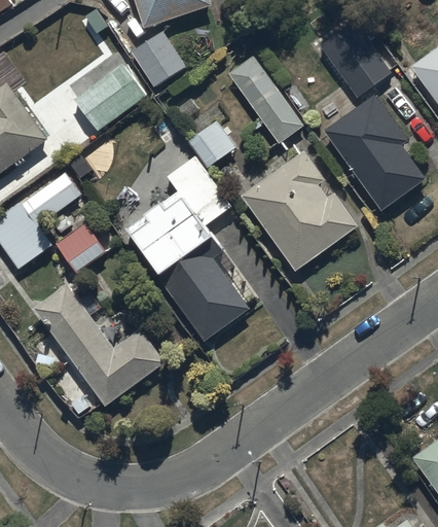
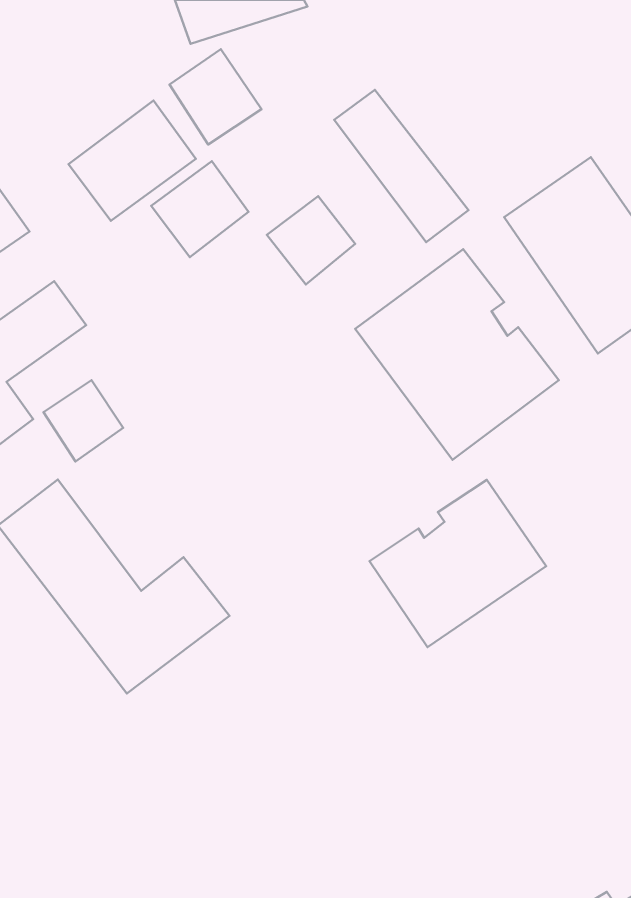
building: [321,22,392,97] -> none
building: none -> [151,161,249,257]
building: [125,155,256,342] -> none
building: none -> [369,480,546,647]

